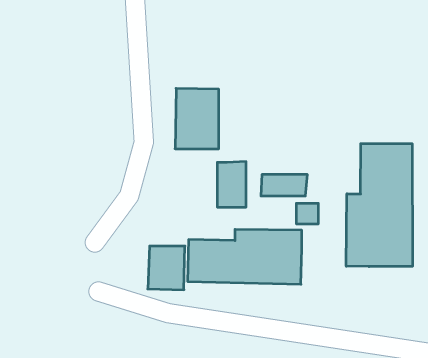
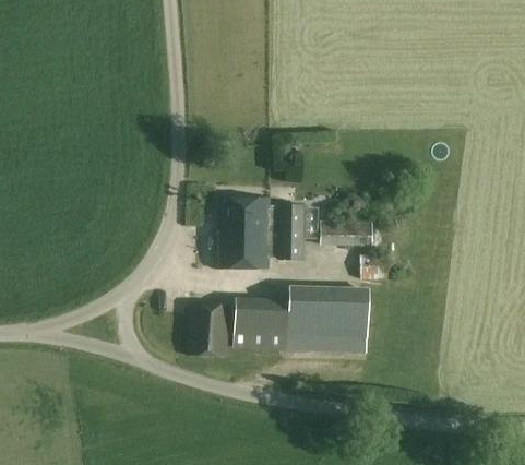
building: [175,88,219,149] -> [218,199,270,270]
building: [346,144,412,267] -> none

